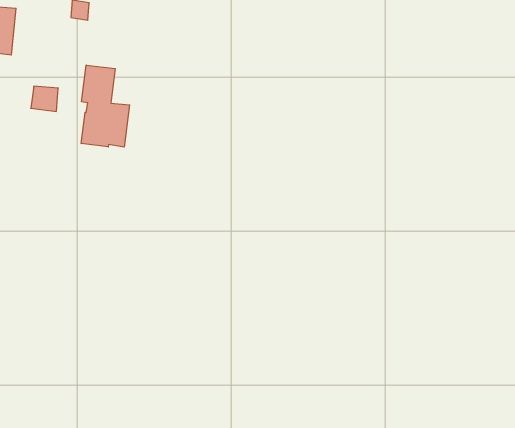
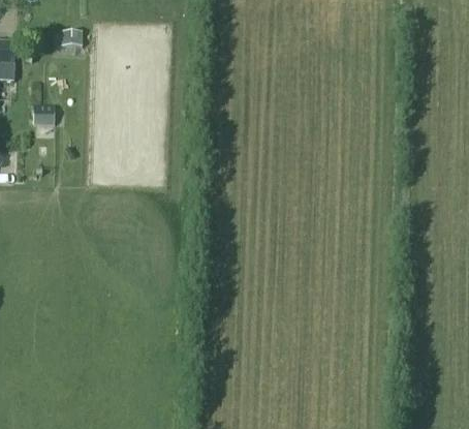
building: [81,65,130,147] -> none

